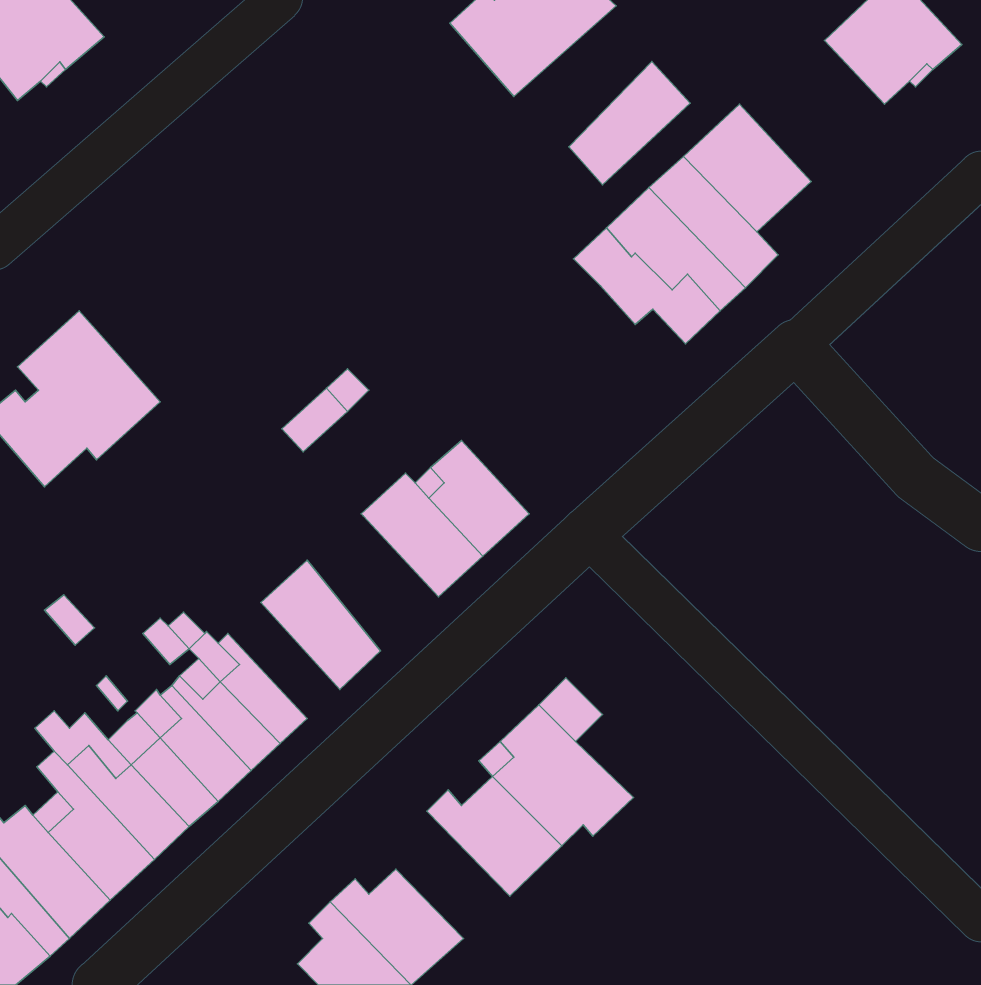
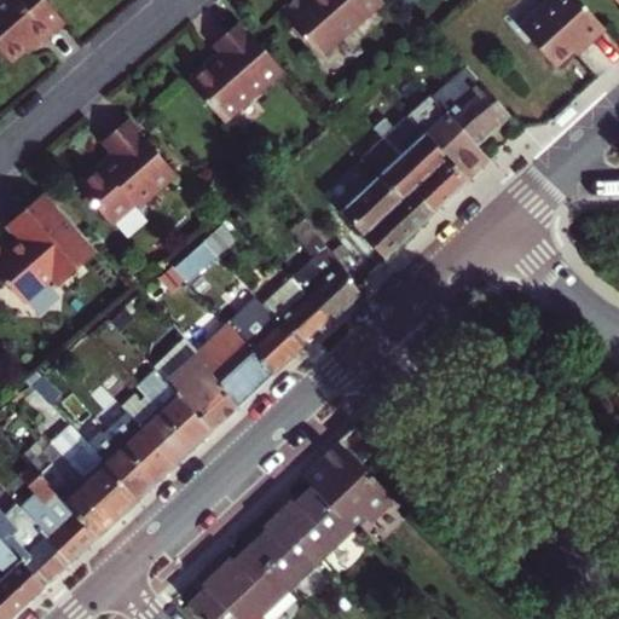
building: none -> [190,23,287,126]
building: [569,61,690,185] -> none
building: none -> [81,123,179,227]
building: none -> [341,179,429,259]
building: none -> [289,218,361,322]
building: none -> [174,323,274,407]
building: none -> [135,370,213,450]
building: none -> [248,508,319,588]

